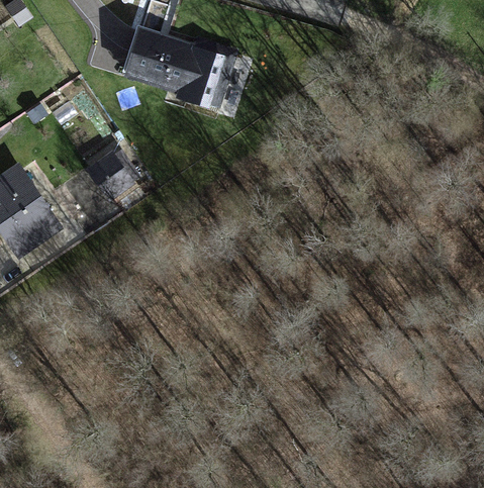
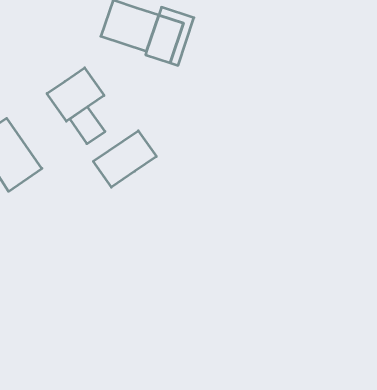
building: none -> [47,68,104,121]
building: none -> [93,131,156,187]

